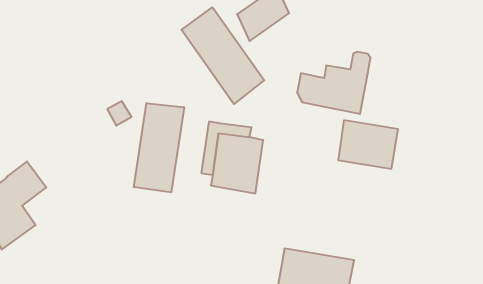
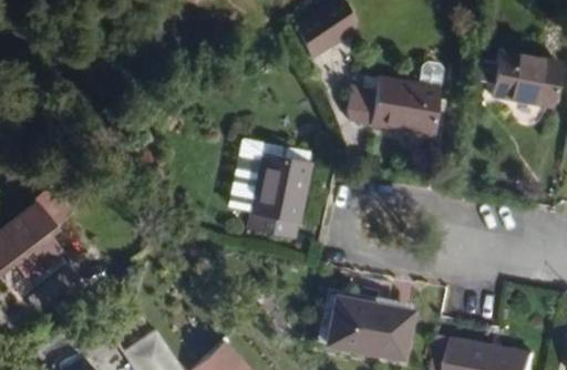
building: [181,7,264,104] -> none
building: [134,103,184,192] -> none
building: [338,120,398,169] -> [481,54,549,110]

